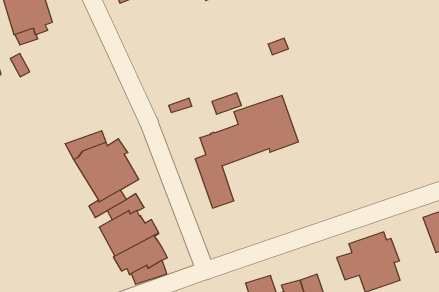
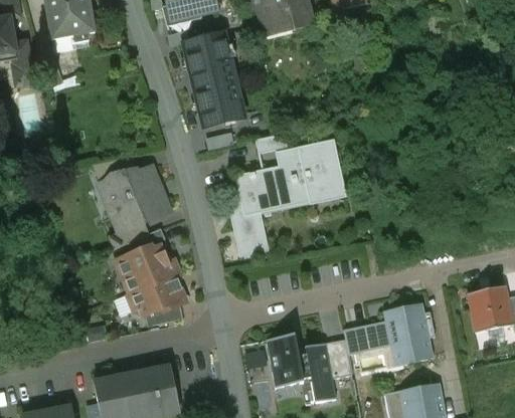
building: none -> [184,33,244,128]
building: none -> [343,325,374,355]

